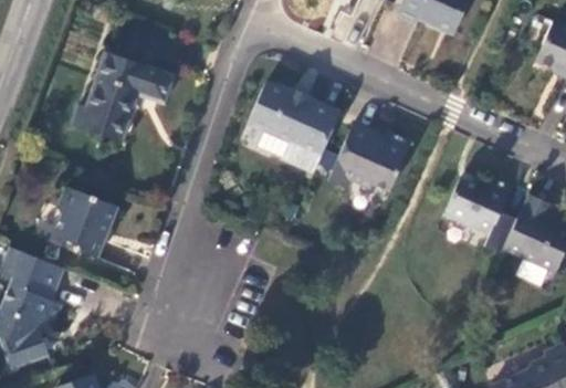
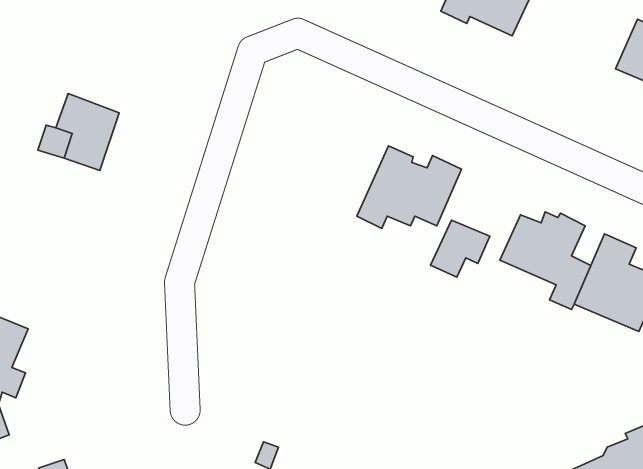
building: [96,53,174,104] -> none
building: [248,82,340,171] -> none
building: none -> [431,220,490,277]
building: [55,187,117,259] -> none

